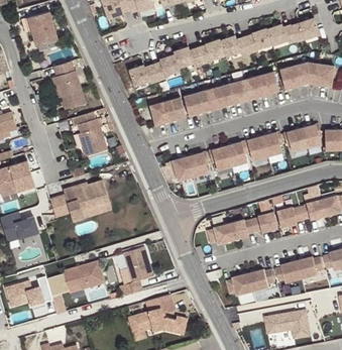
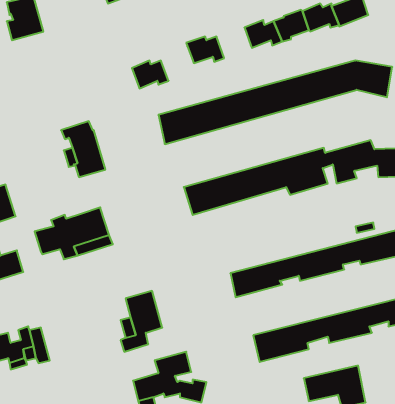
building: [195,33,222,60] -> none
building: [150,50,178,78] -> none
building: [52,60,86,109] -> none
building: [62,259,104,290] -> none

